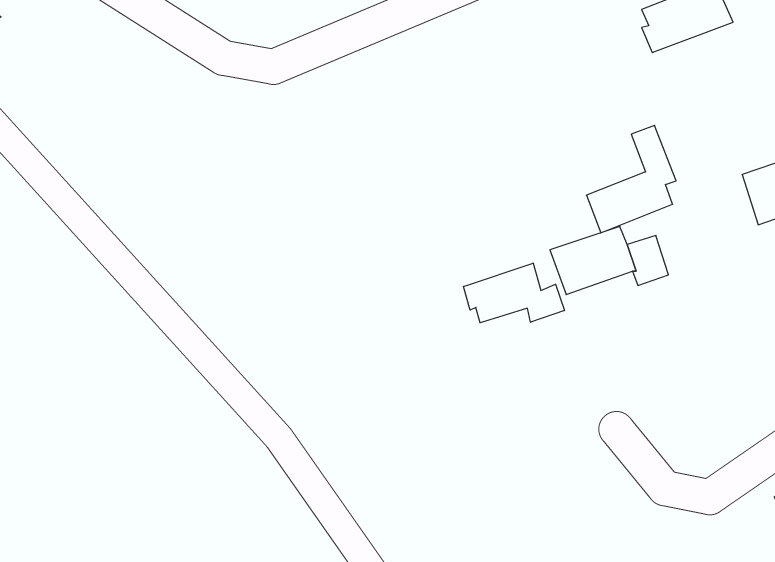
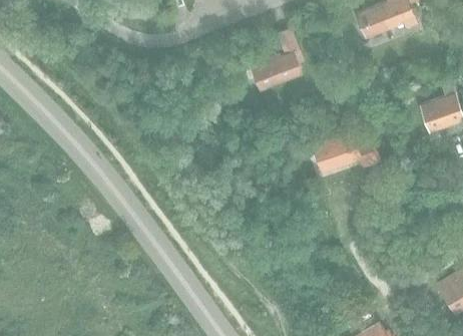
building: [586,125,676,233] -> [252,31,302,91]
building: [463,263,564,323] -> none

